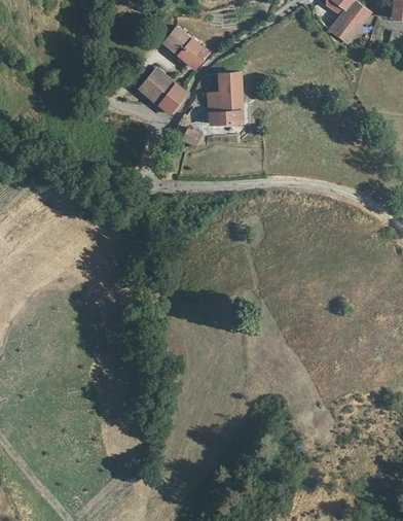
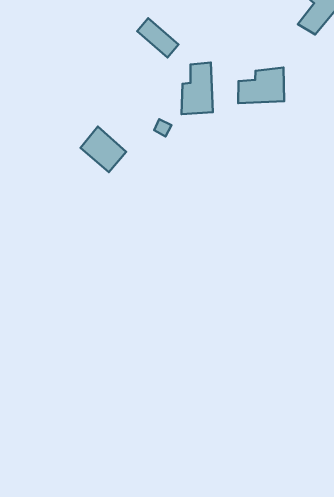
building: [140,68,186,114] -> [81,127,126,172]
building: none -> [238,67,284,103]

